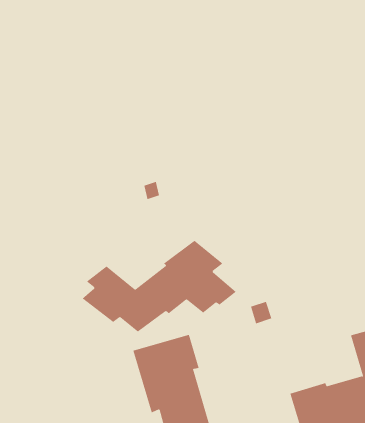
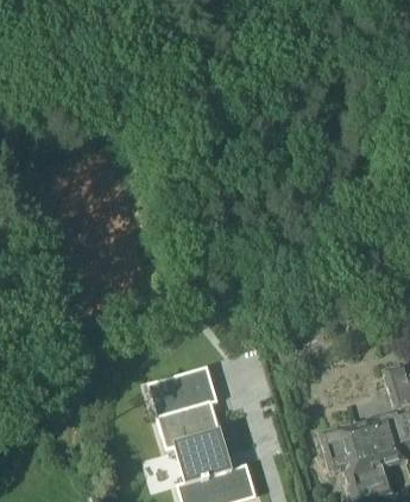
building: [82,240,237,333] -> none

